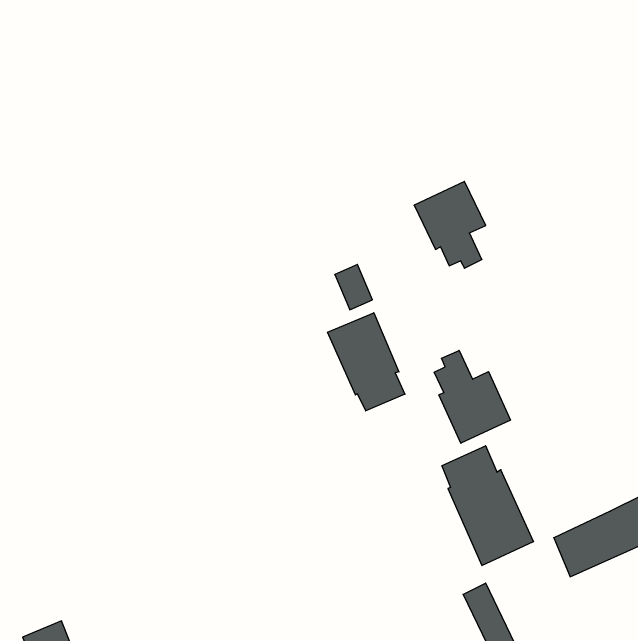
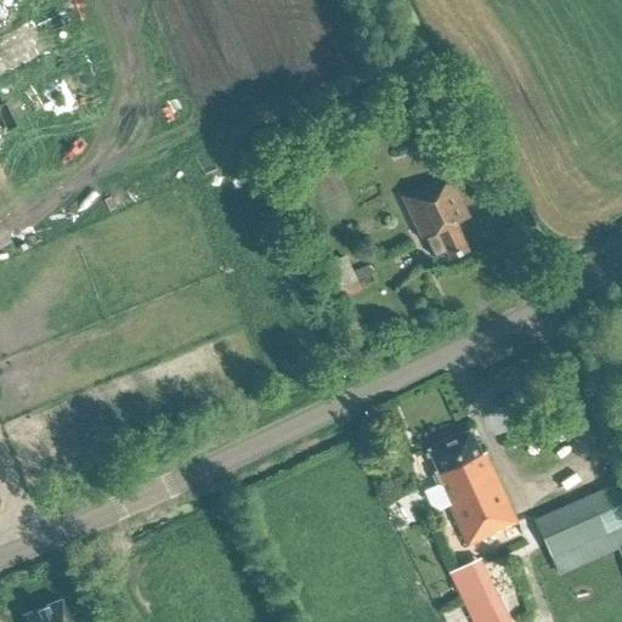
building: [328,313,405,411] -> none
building: [434,350,511,443] -> none

